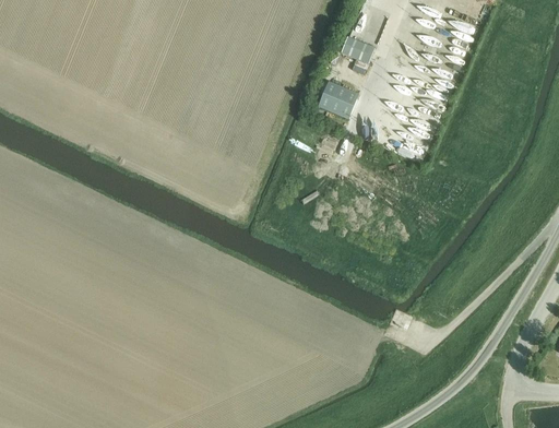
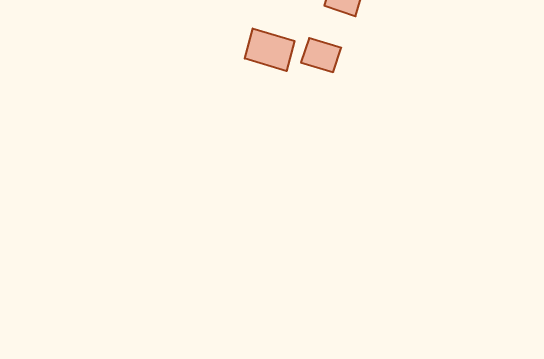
building: none -> [245,28,295,71]

